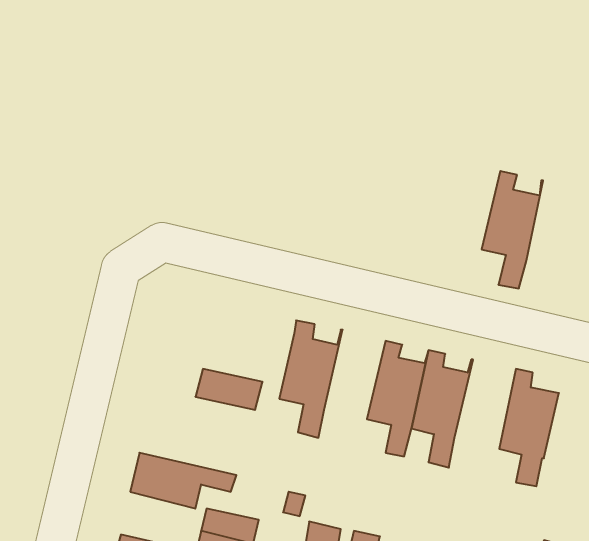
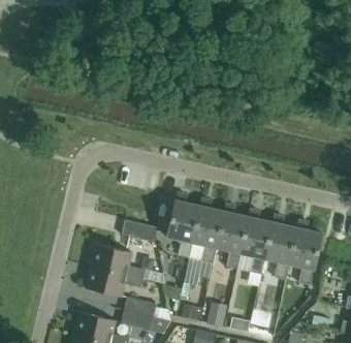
building: [482,171,543,288] -> [264,215,298,280]
building: none -> [192,198,226,263]
building: none -> [90,244,146,279]

